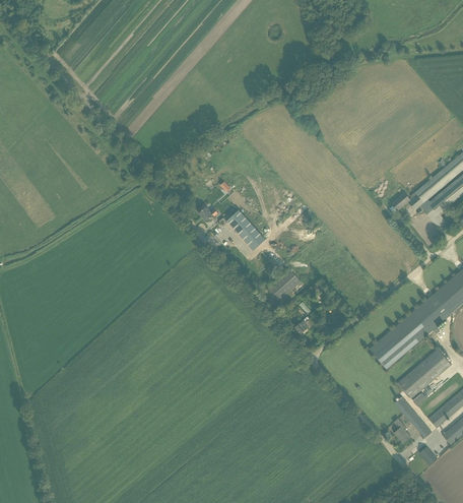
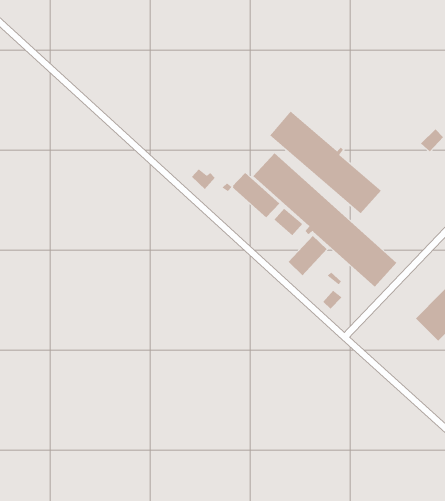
building: none -> [269,110,382,214]
building: none -> [252,152,397,288]

